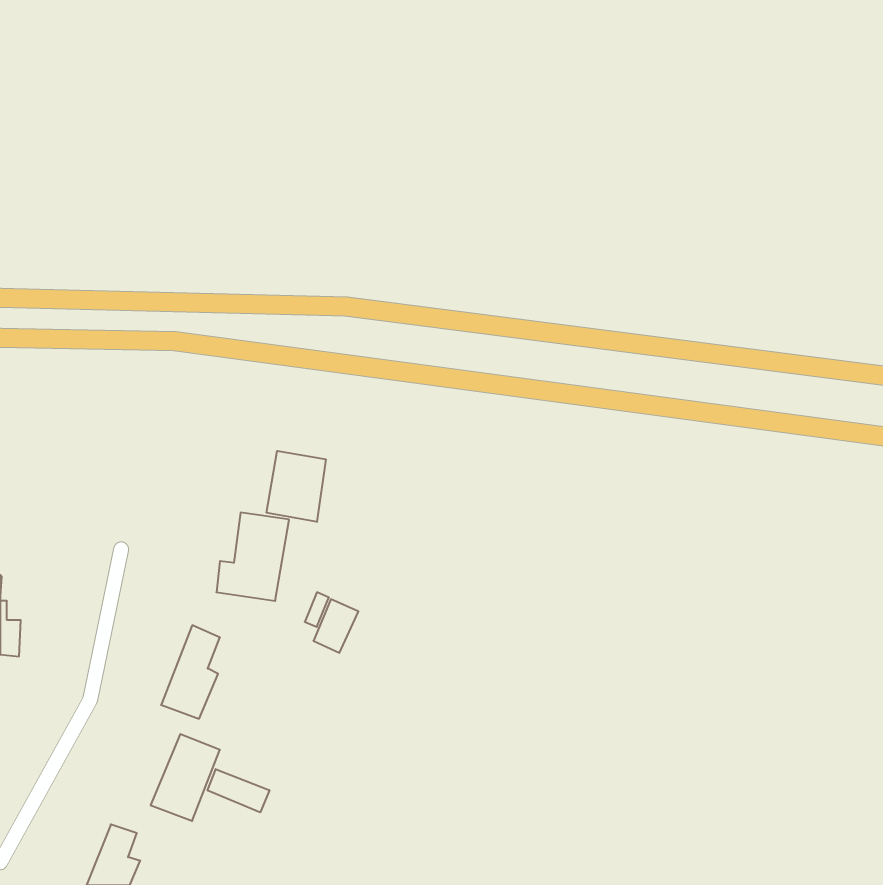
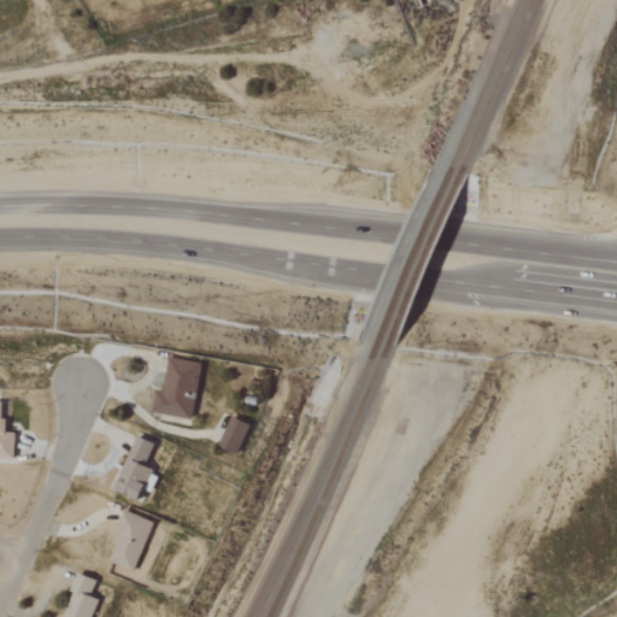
building: [267,451,326,522] -> none
building: [208,769,269,812] -> none

